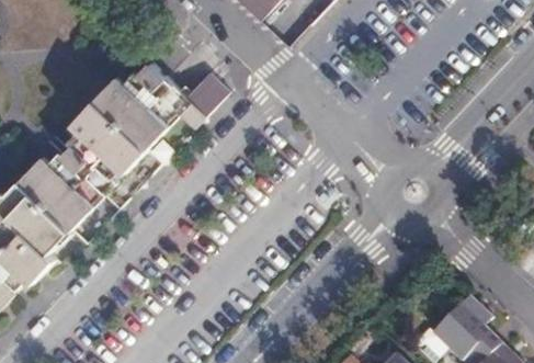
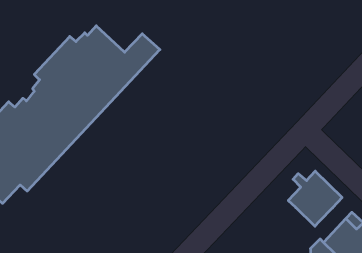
building: none -> [288,171,342,226]

